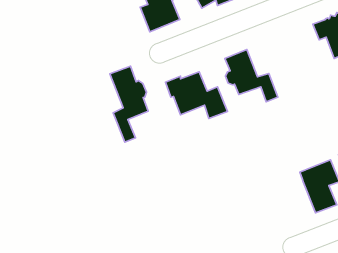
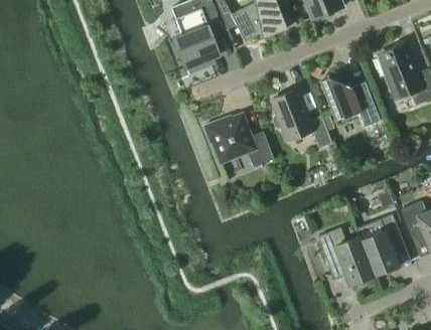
building: none -> [323,76,380,125]
building: [110,66,148,142] -> none
building: none -> [318,227,375,285]

